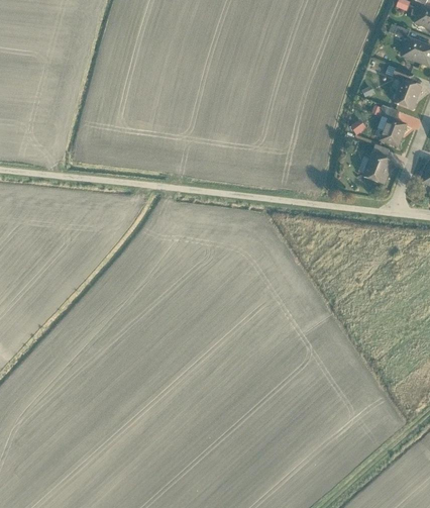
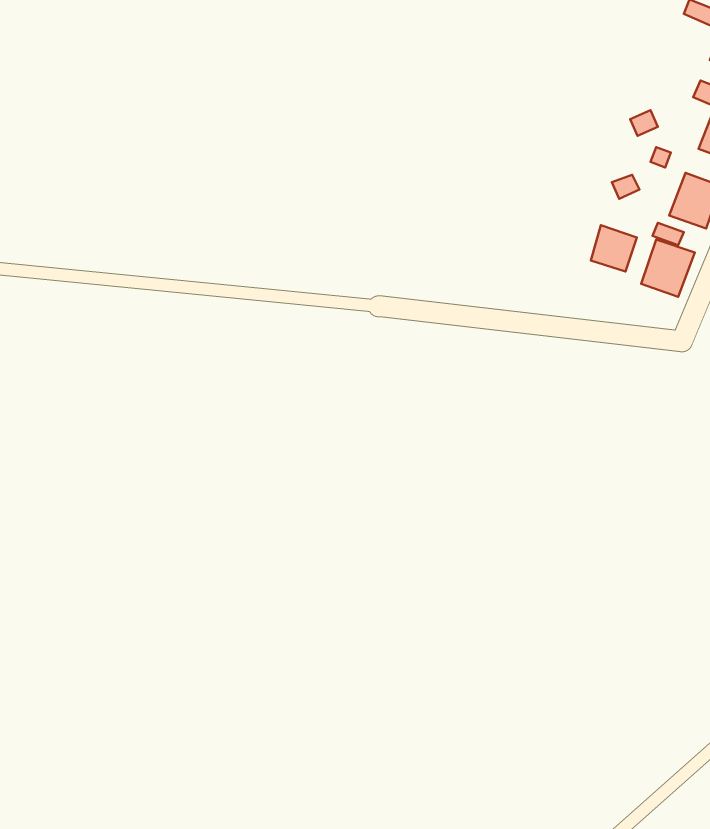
building: none -> [591,225,637,272]

